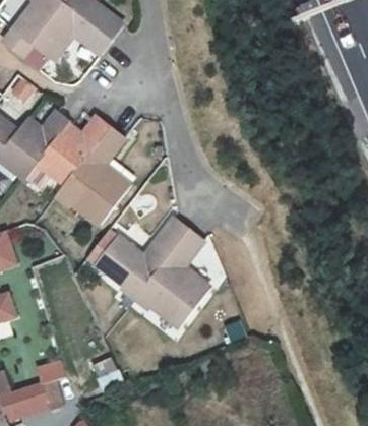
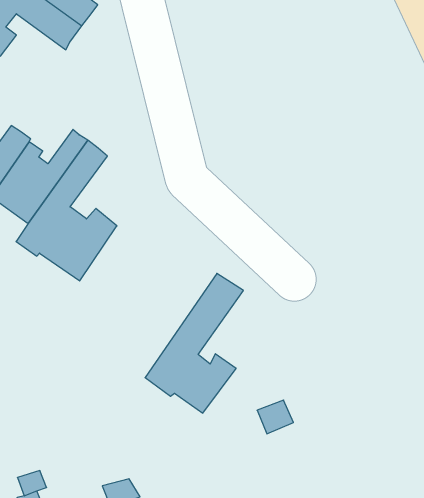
building: [98,214,194,295] -> none

